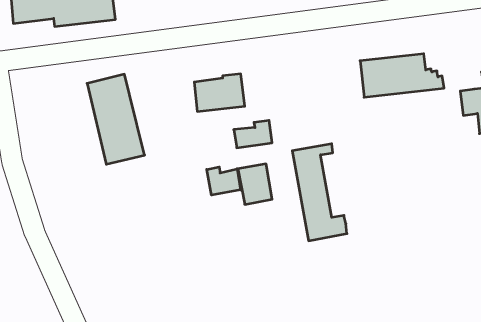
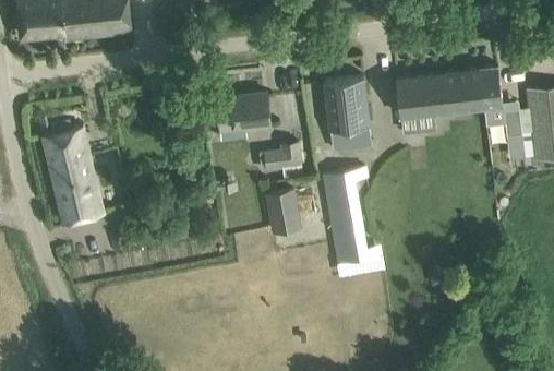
building: none -> [465,67,503,108]
building: none -> [325,77,371,151]
building: [87,74,145,164] -> [43,127,105,224]
building: [207,167,241,195] -> none

